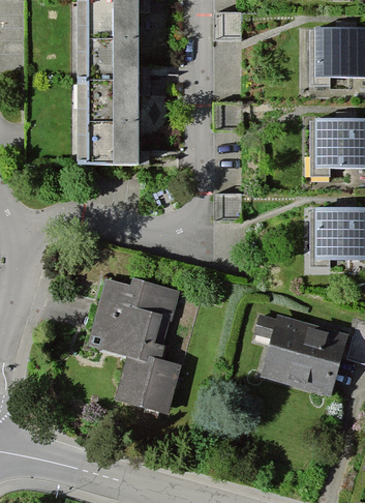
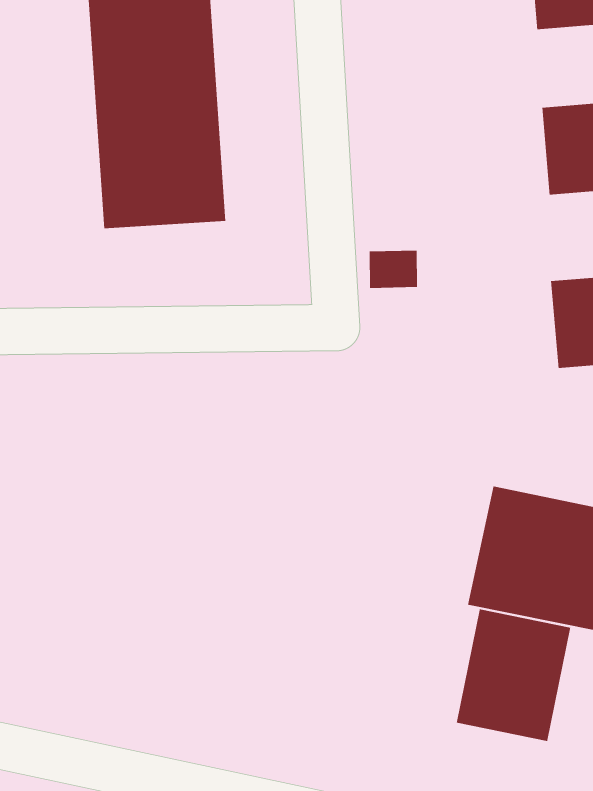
building: [84,275,180,412] -> none
building: none -> [456,609,571,742]

